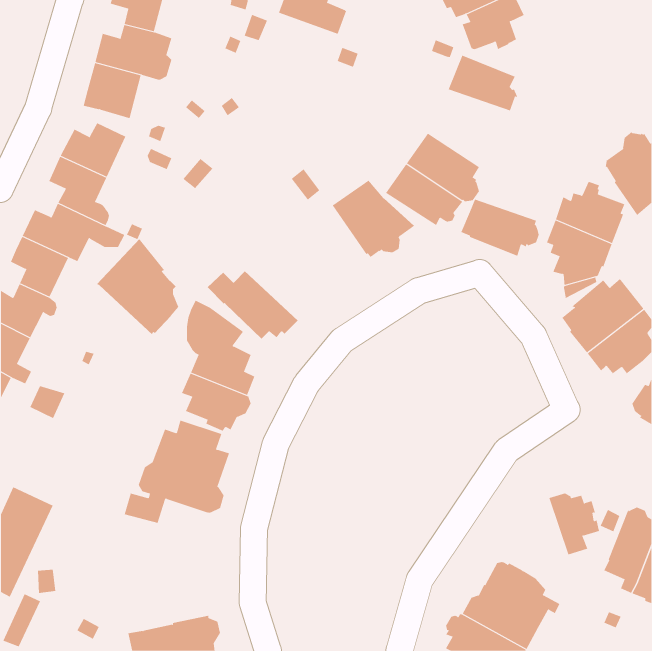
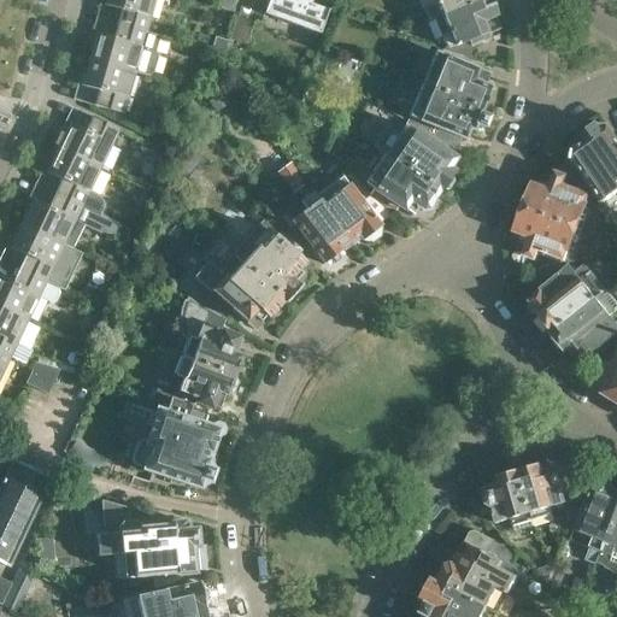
building: [460,199,539,256] -> [410,84,484,139]
building: none -> [284,192,346,263]
building: [96,238,179,335] -> [229,211,307,302]
building: none -> [484,470,536,530]
building: none -> [95,499,205,586]

